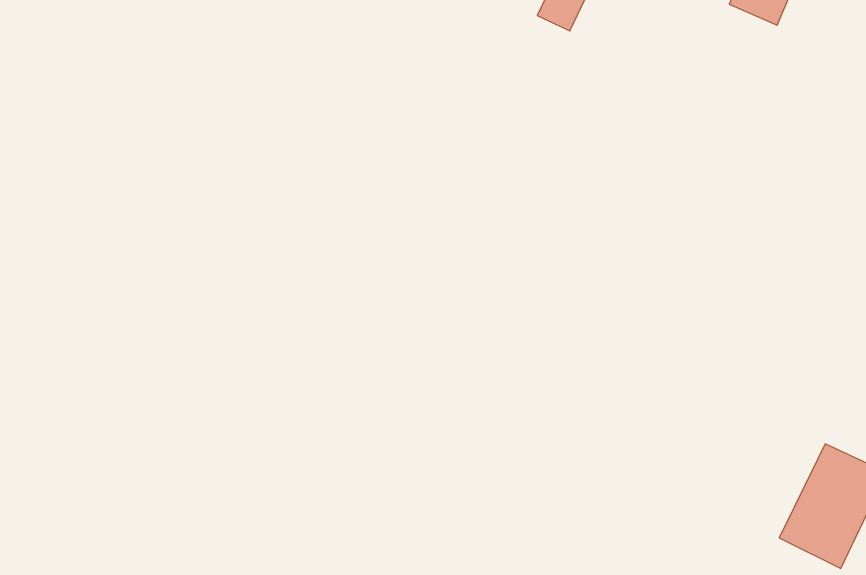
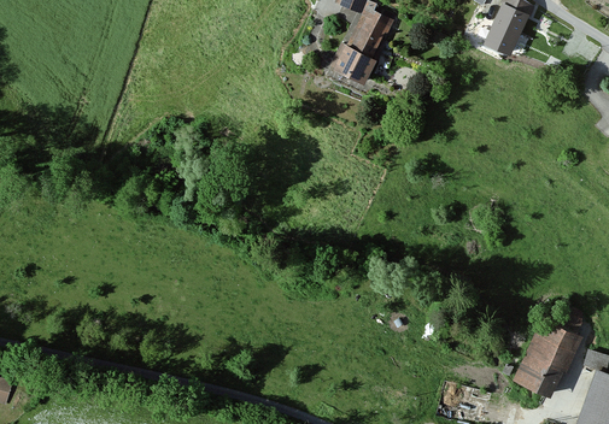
building: none -> [338,47,380,86]

